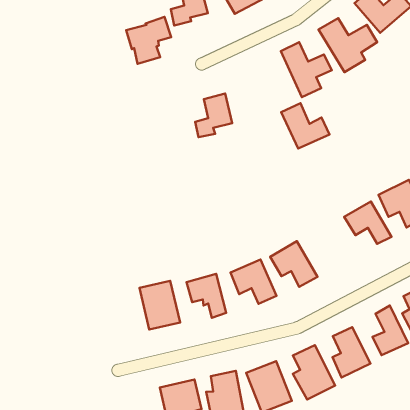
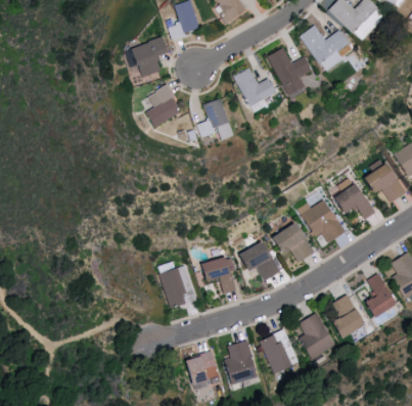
building: none -> [146,83,180,127]
building: [281,103,330,149] -> [232,66,276,106]
building: none -> [300,197,346,242]

